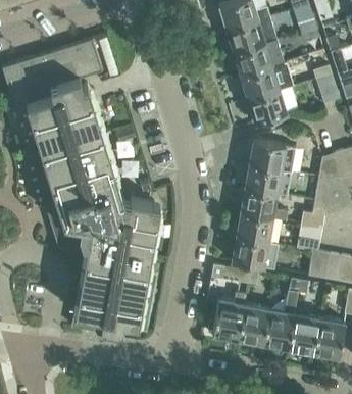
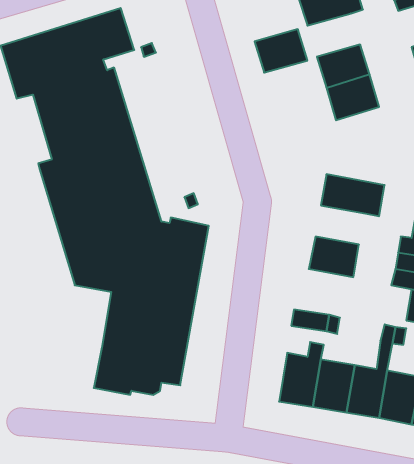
building: [235,44,274,77] -> [255,29,307,73]
building: [248,140,298,174] -> none
building: [241,189,288,221] -> none
building: [232,237,280,269] -> none

